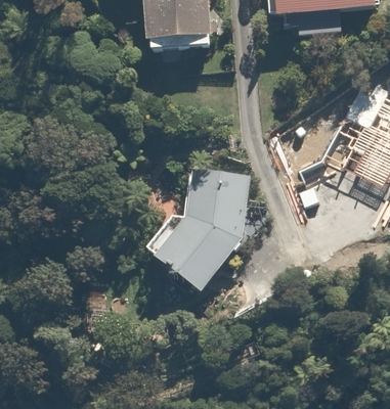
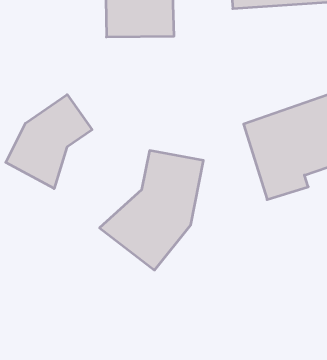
building: none -> [6,95,92,189]

